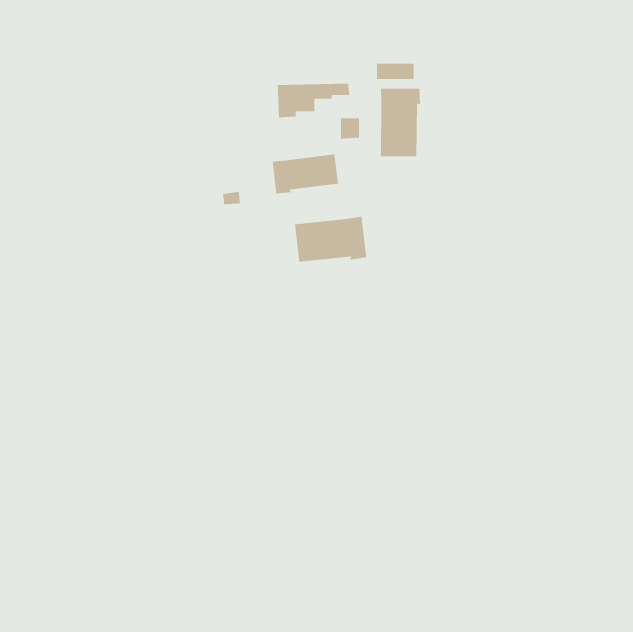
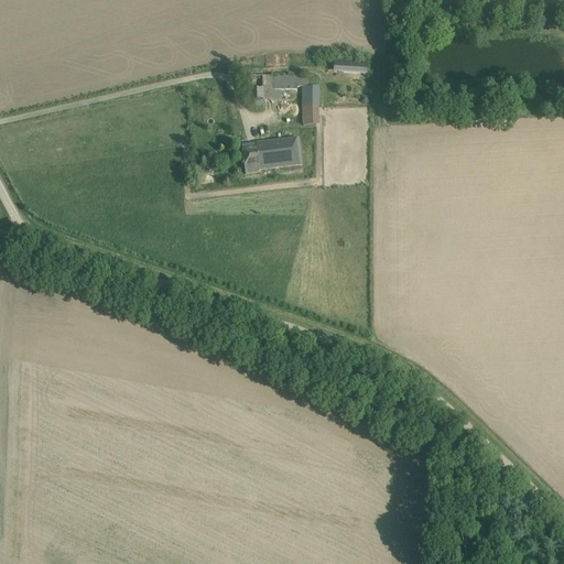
building: [380,88,421,157] -> none
building: [295,216,367,263] -> none

